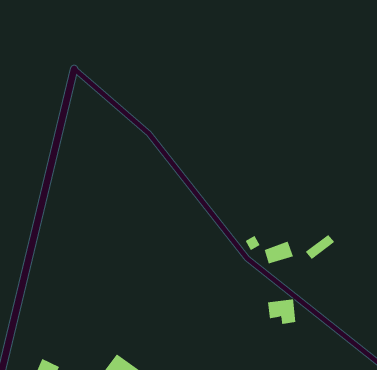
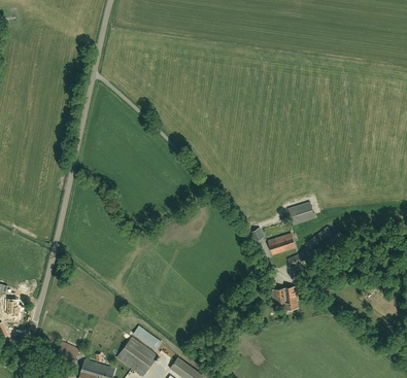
building: none -> [287,201,315,225]

